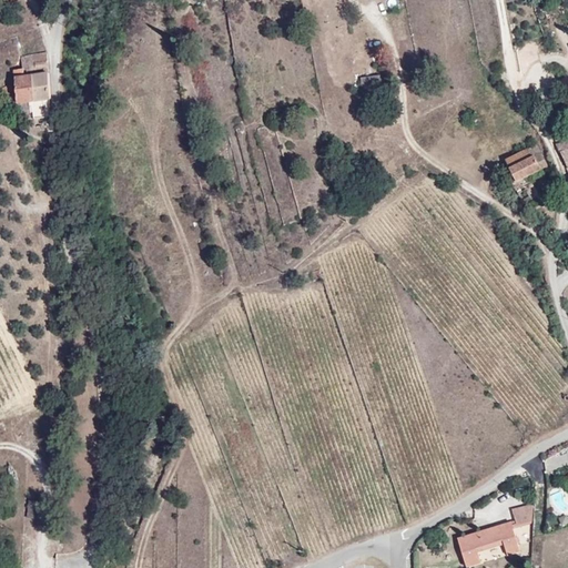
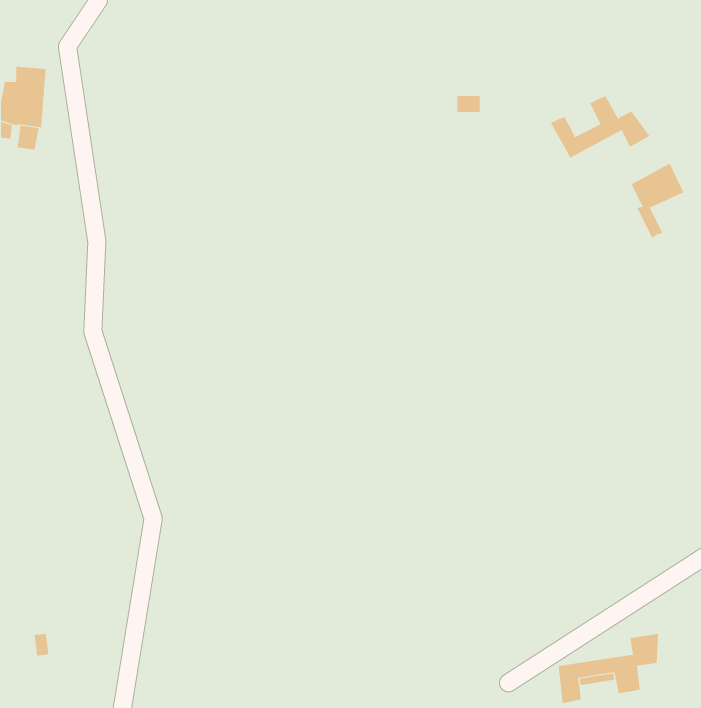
building: none -> [550,95,650,159]

